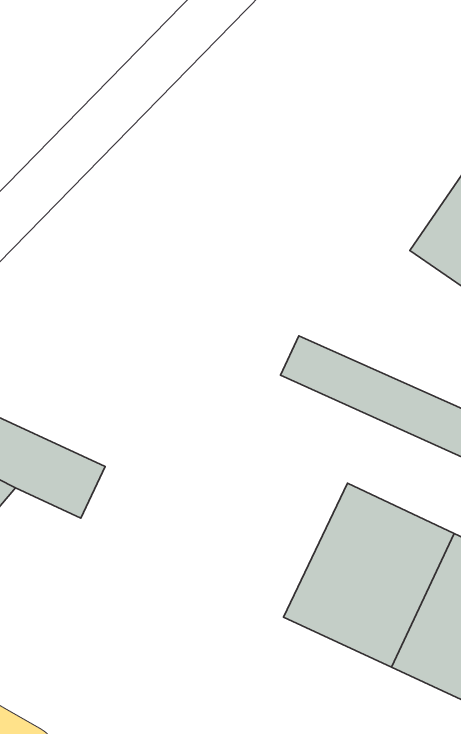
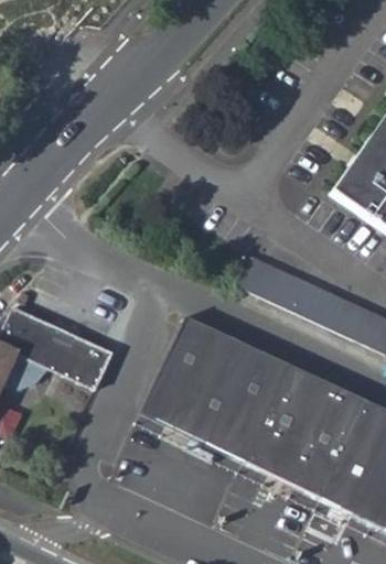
building: none -> [140,316,289,462]

